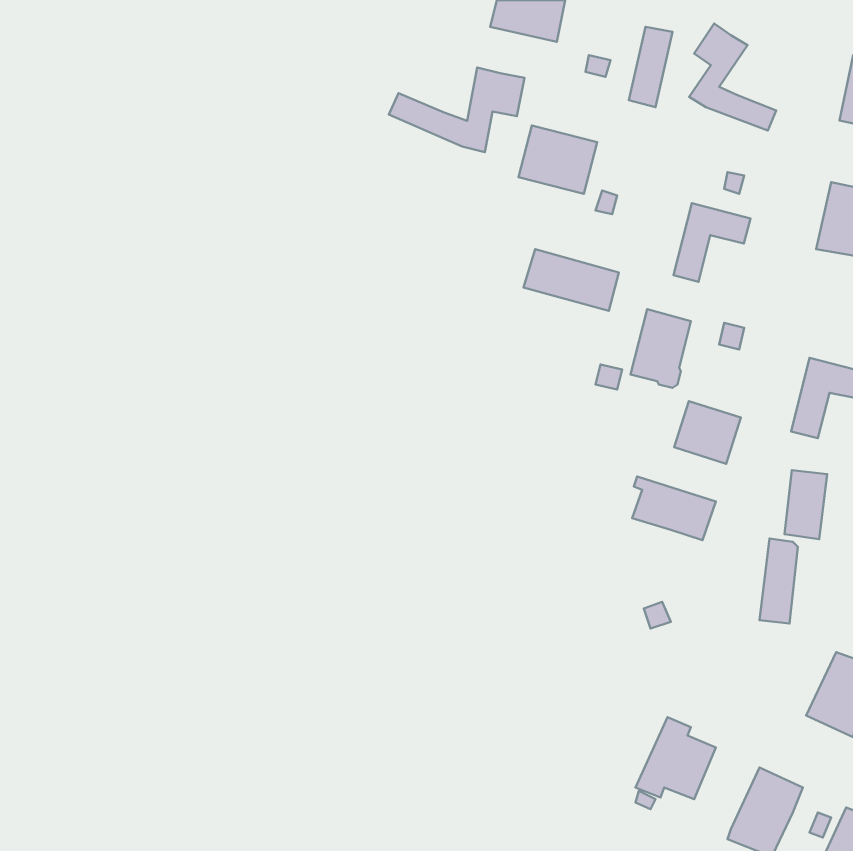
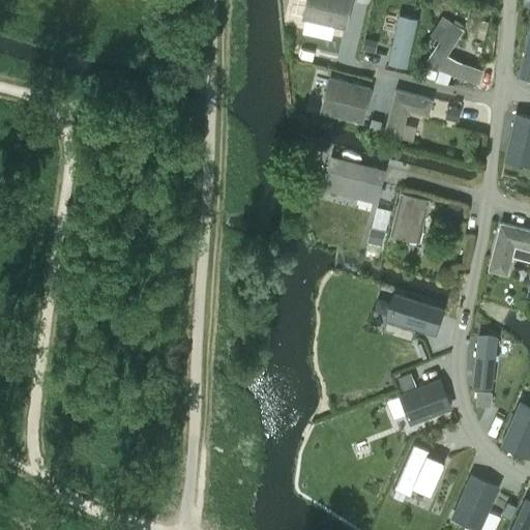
building: [389,67,524,152] -> none
building: [673,203,750,282] -> [385,91,433,140]
building: [674,401,741,464] -> none
building: [784,470,827,539] -> none
building: none -> [401,382,451,428]

